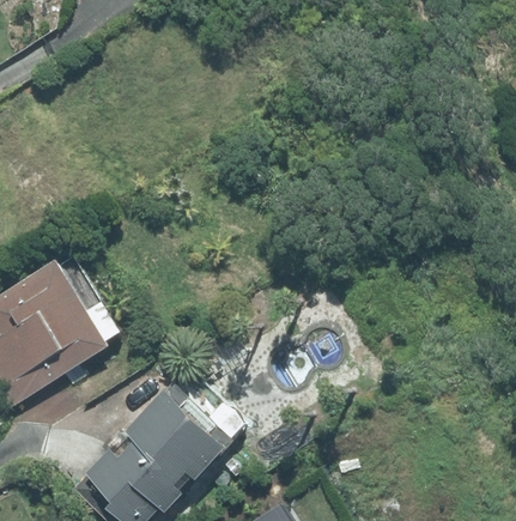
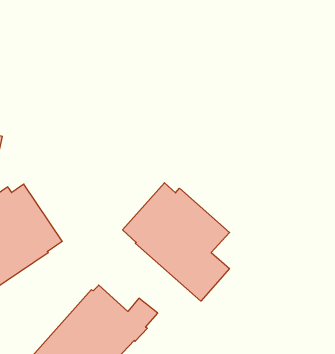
building: none -> [123,183,230,301]

